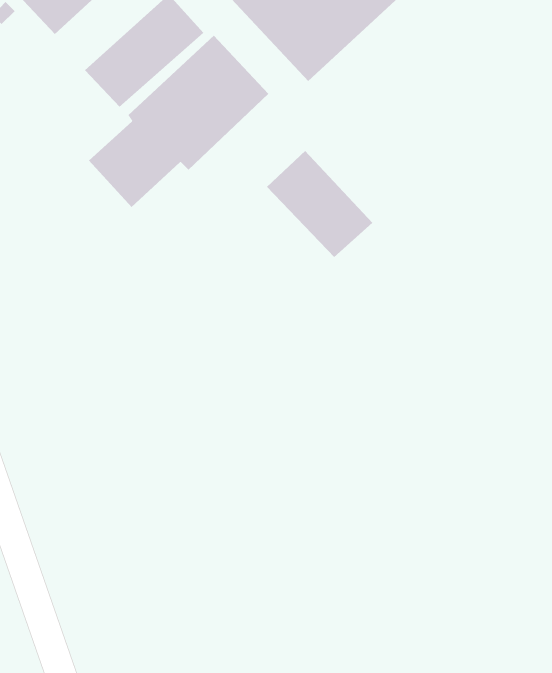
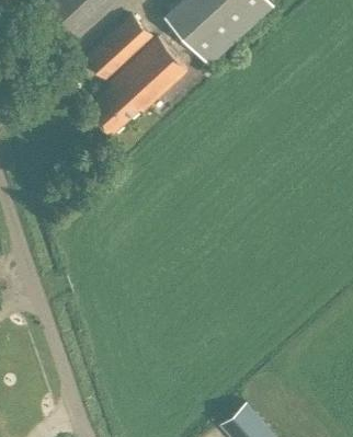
building: [266,150,373,258] -> none

